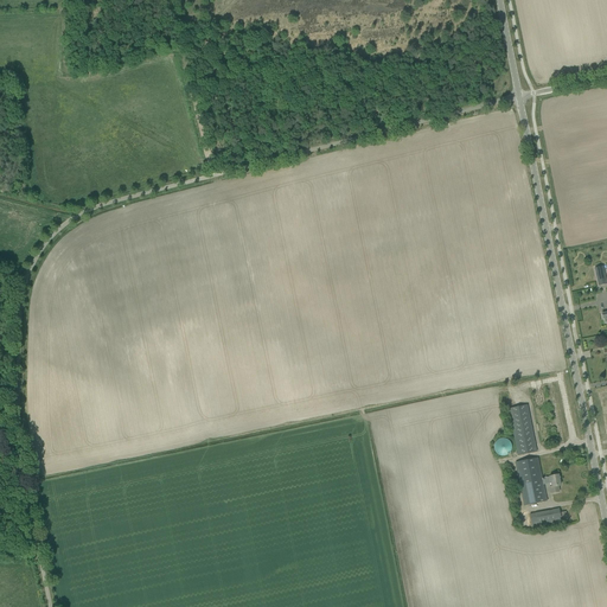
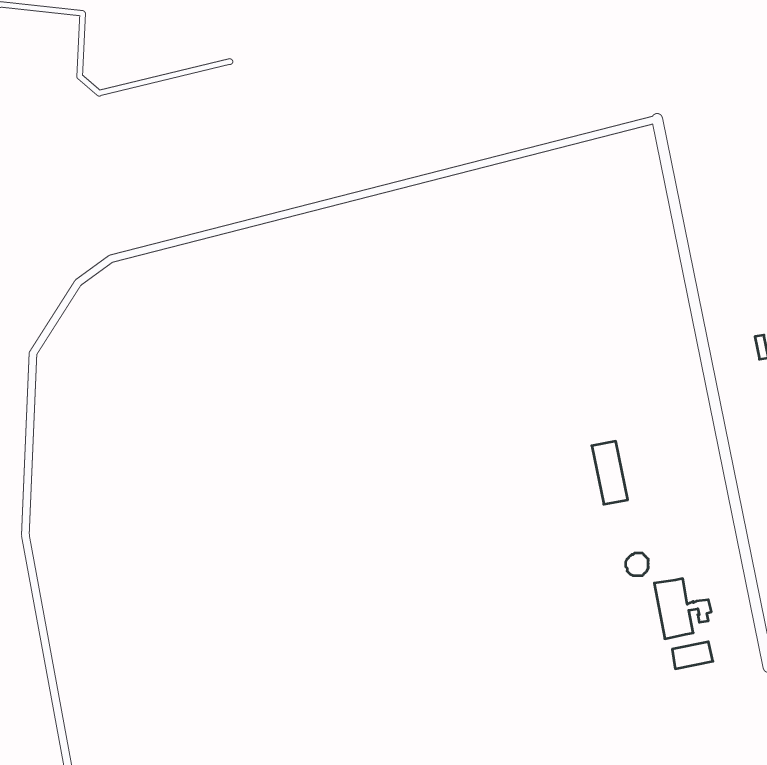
building: [510,403,538,453] -> [592,441,628,504]

